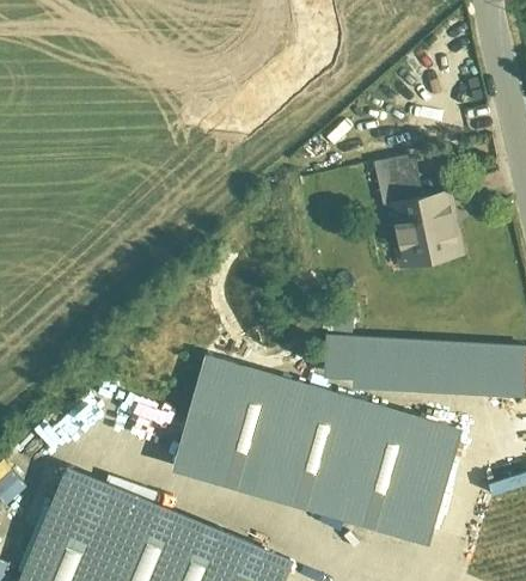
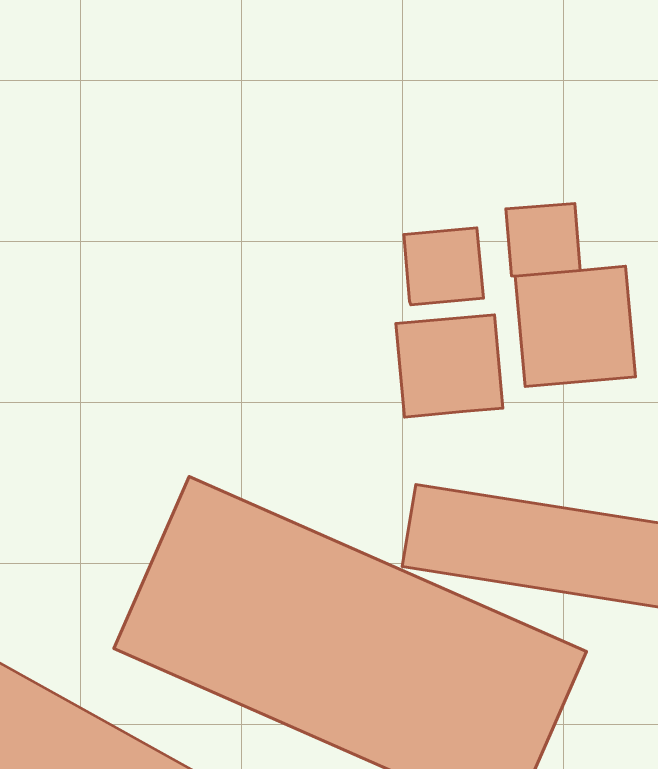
building: none -> [404,228,484,305]
building: none -> [396,315,503,417]

